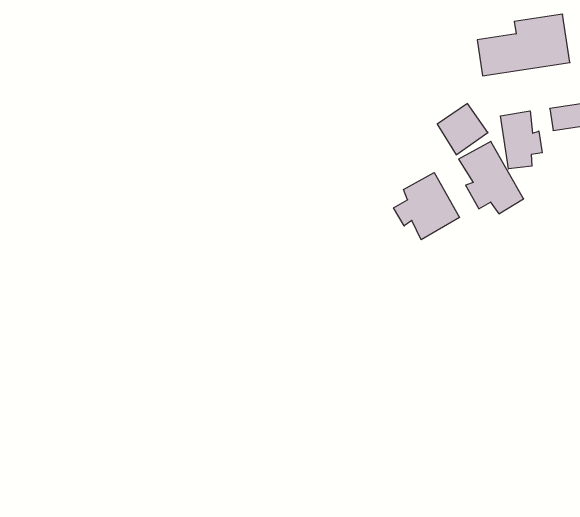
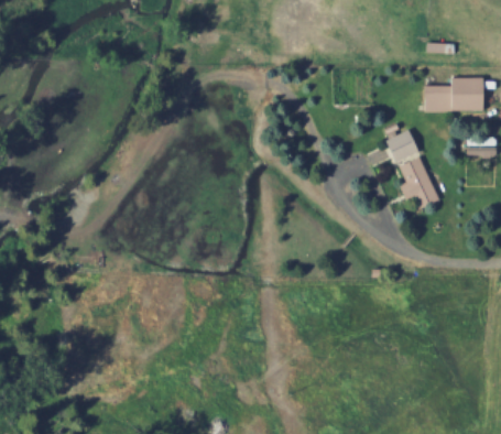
building: [500,111,542,169] -> none
building: [394,173,460,240] -> none

